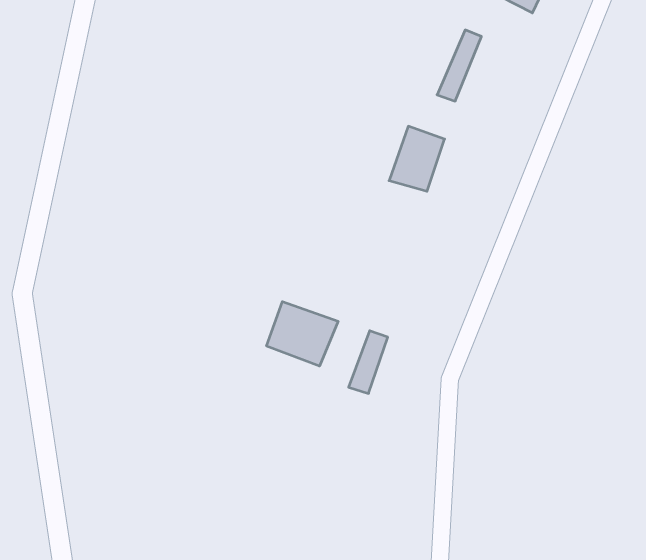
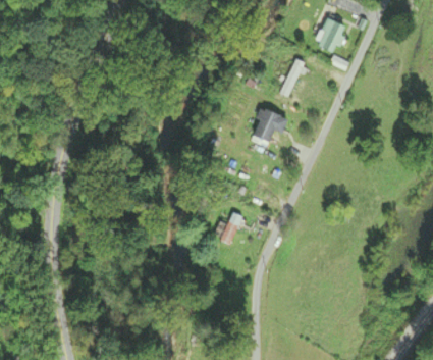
building: [267,302,338,366] -> none

